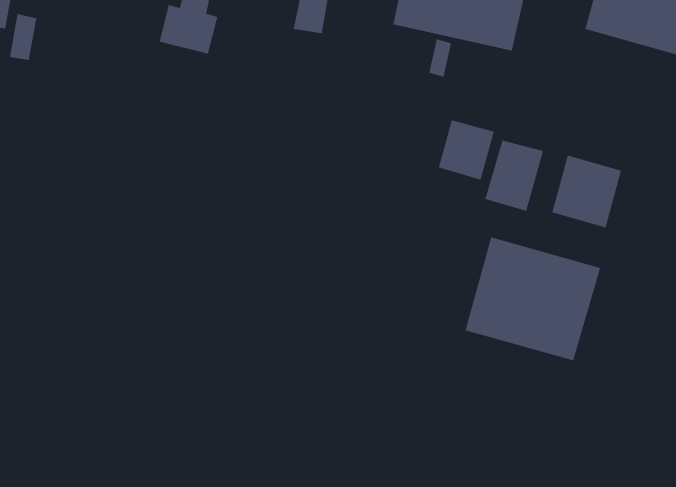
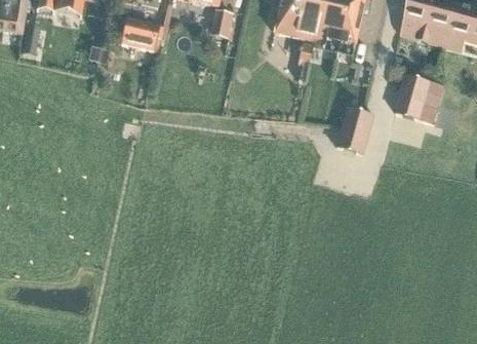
building: [438,120,495,181] -> none
building: [552,155,622,228] -> [397,74,443,122]
building: [465,236,601,361] -> none

